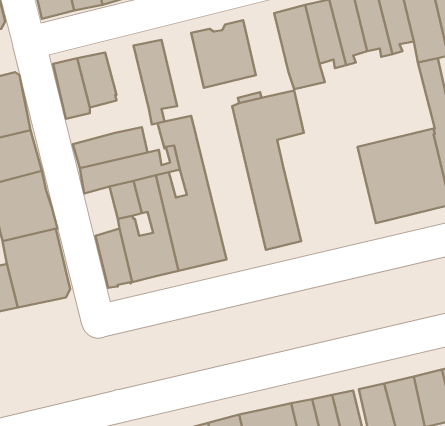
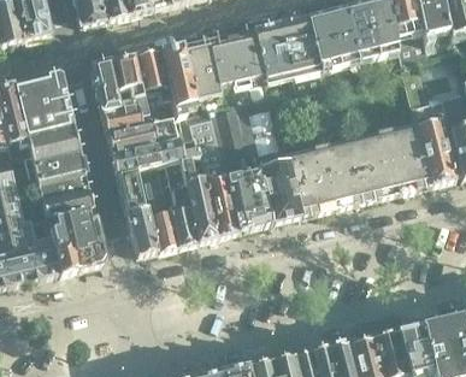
building: none -> [253,19,291,76]
building: none -> [183,36,222,99]
building: none -> [135,47,172,104]
building: none -> [101,94,148,131]
building: none -> [208,99,272,230]
building: none -> [287,134,366,214]
building: none -> [117,167,147,210]

